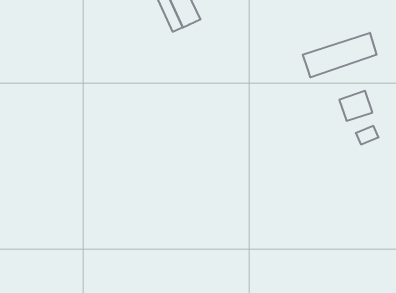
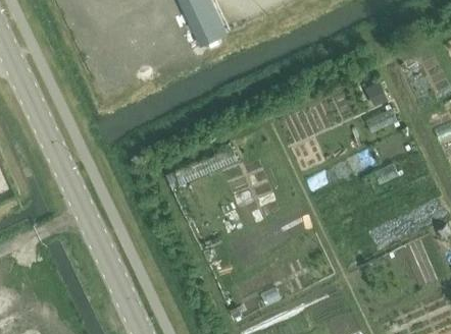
building: [303,33,377,77] -> none

